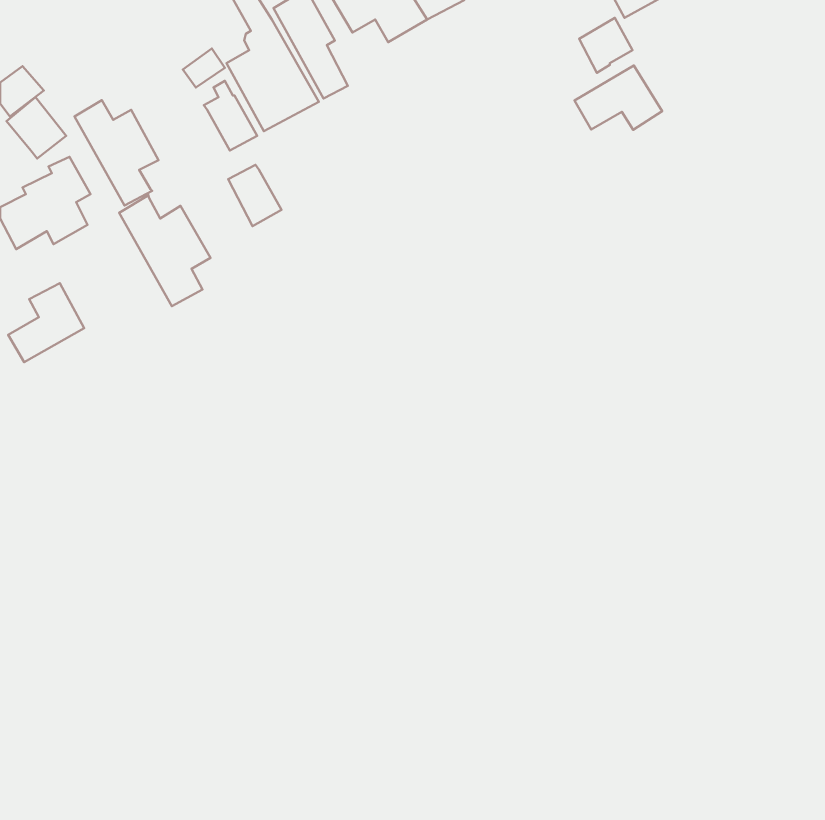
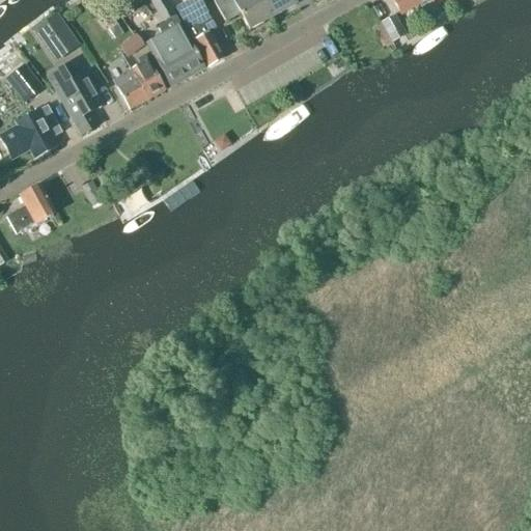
building: none -> [32,10,80,59]
building: [575,66,662,130] -> none
building: [228,165,282,226] -> [114,67,148,107]
building: [119,195,211,306] -> none

